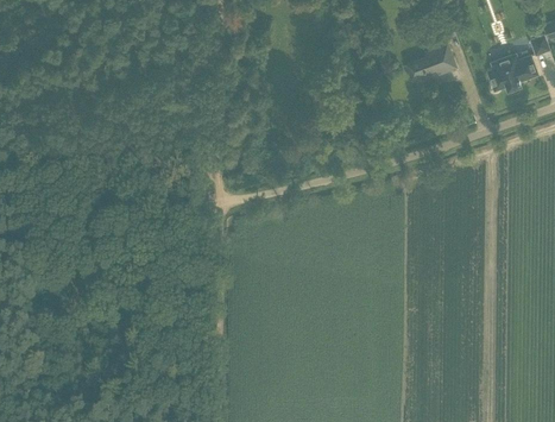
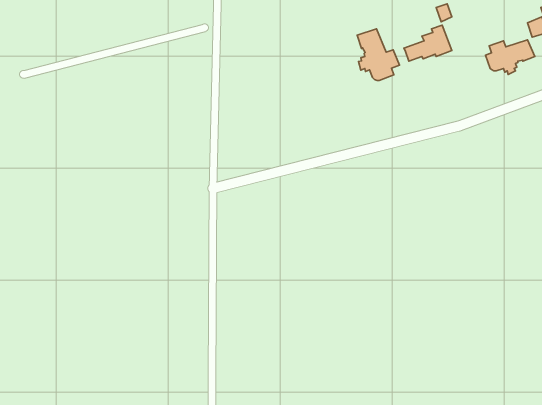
building: none -> [357,29,399,81]

